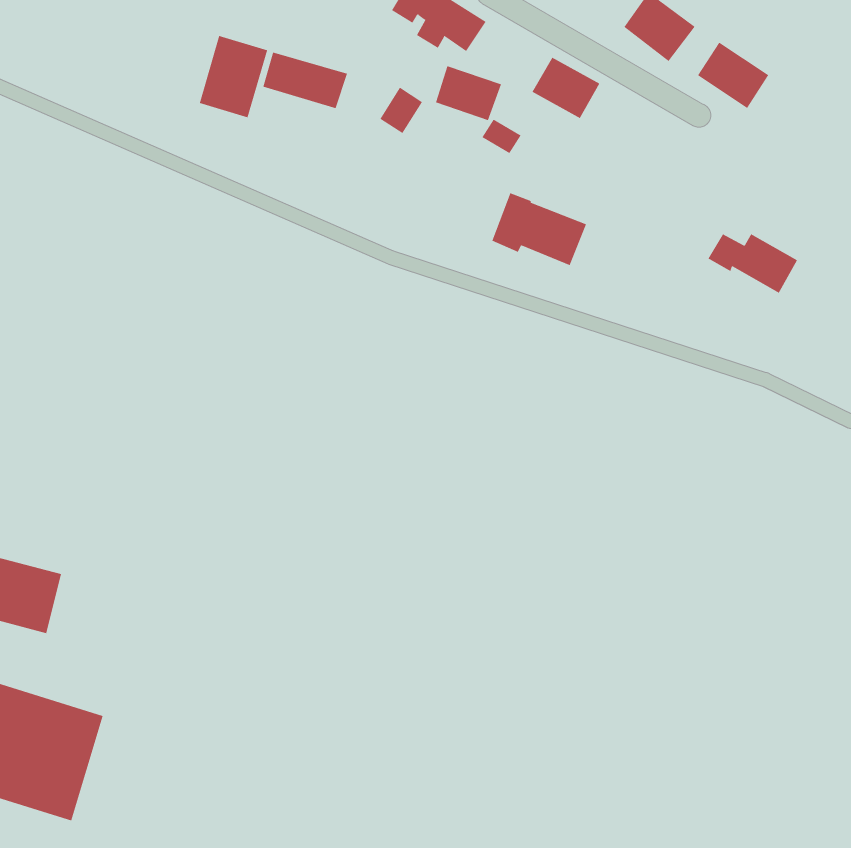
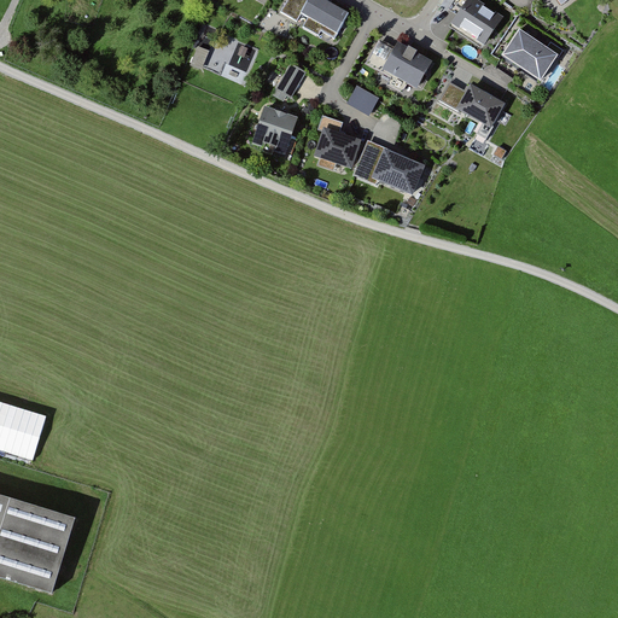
building: [199,35,268,118] -> none
building: [435,66,502,121] -> [311,126,360,165]
building: none -> [252,106,296,151]
building: [707,233,798,294] -> [438,82,503,126]

